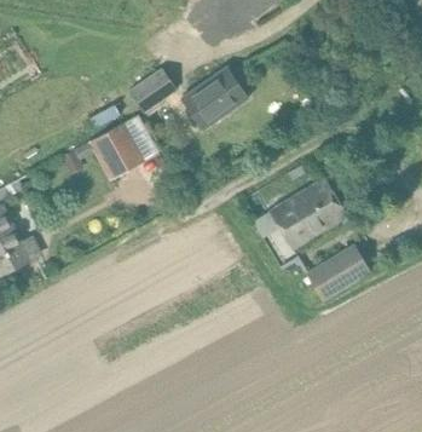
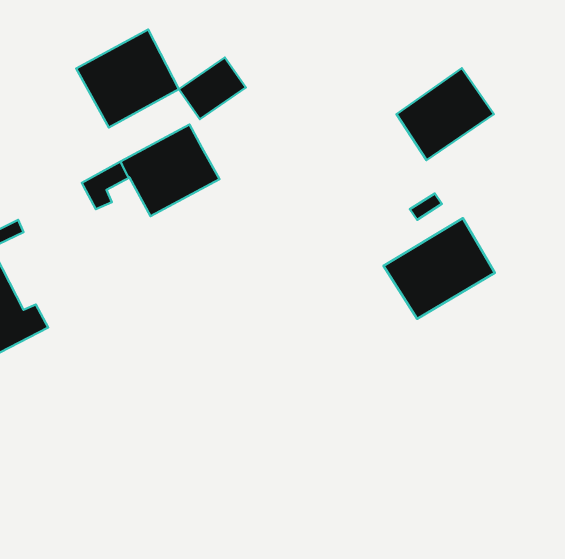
building: none -> [76,30,179,128]
building: [181,67,248,129] -> [397,68,494,160]
building: [307,246,369,300] -> none

